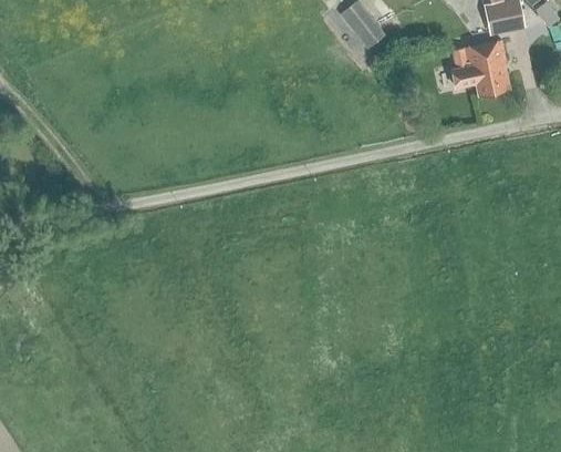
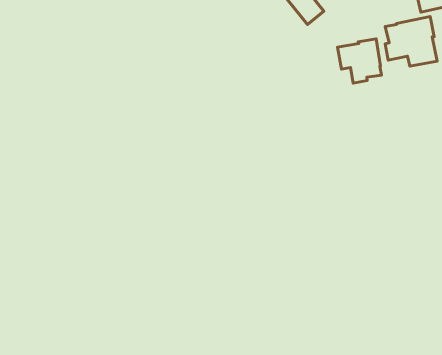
building: none -> [337,39,381,83]

